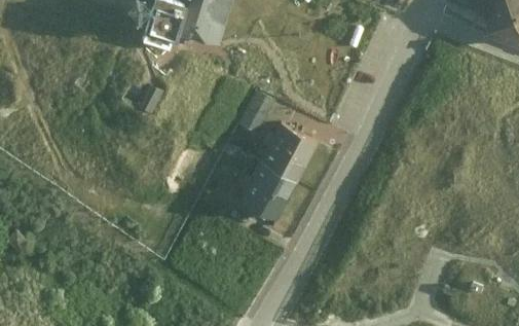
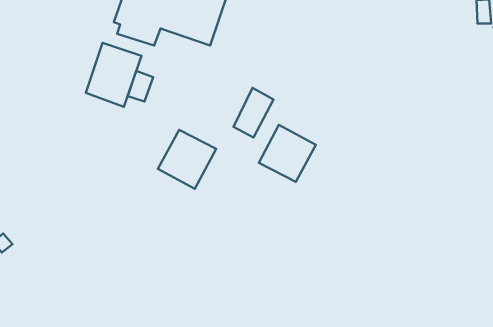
building: none -> [86,43,141,107]
building: [239,164,296,221] -> [158,130,216,189]

